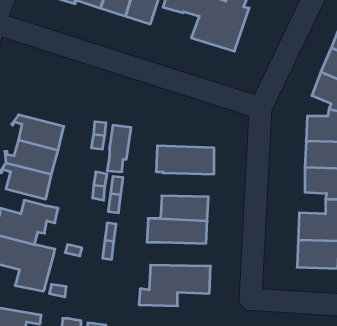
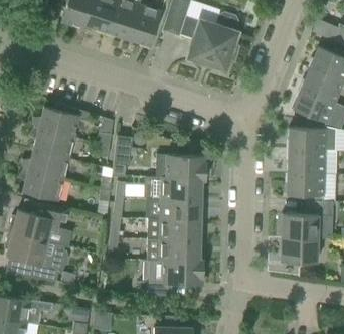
building: none -> [32,104,89,137]
building: none -> [146,177,206,199]
building: none -> [147,239,199,261]

